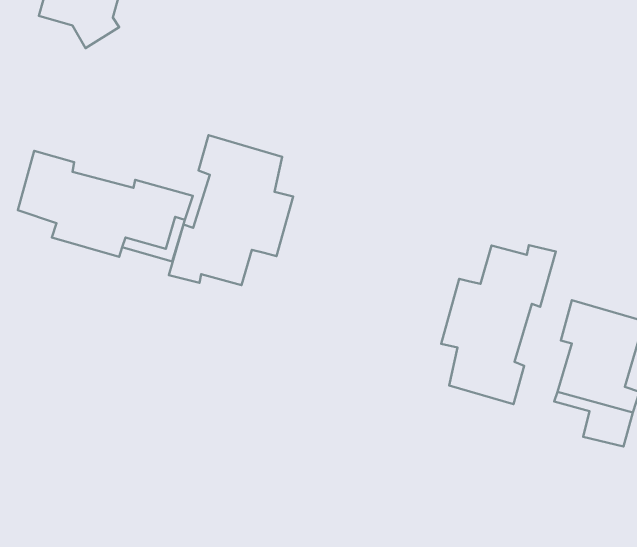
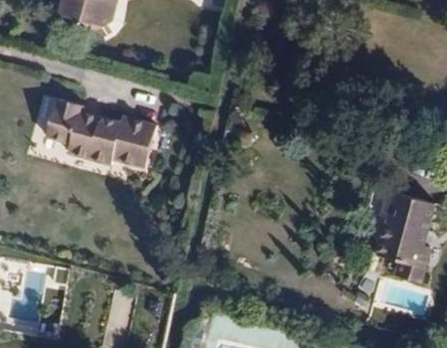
building: [169,135,293,285] -> none
building: [441,245,556,404] -> none

